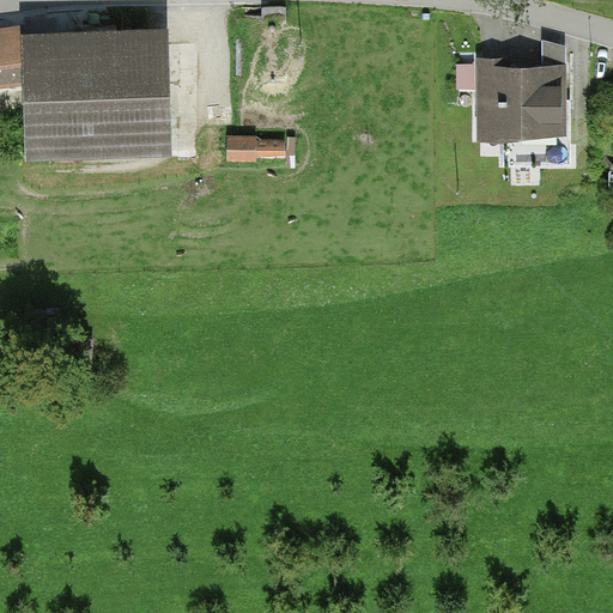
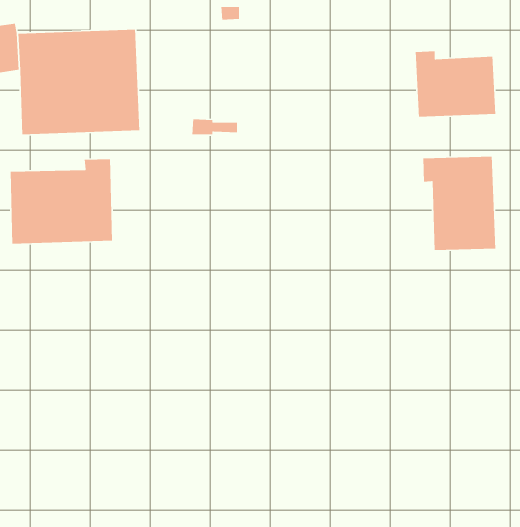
building: none -> [422,156,496,251]
building: none -> [10,159,113,245]

